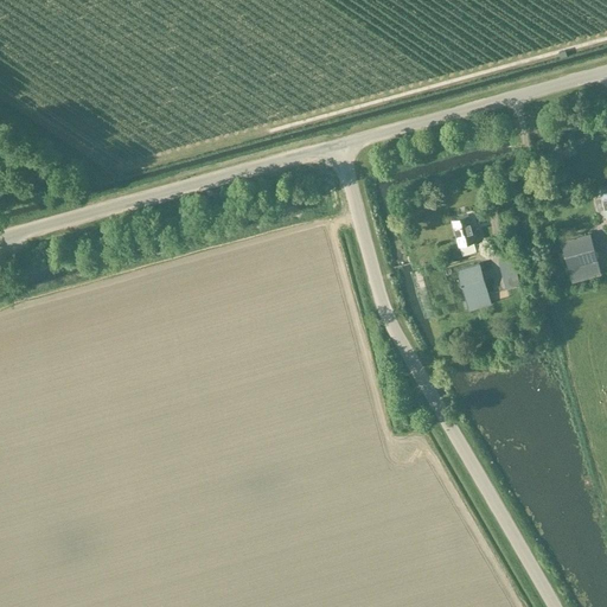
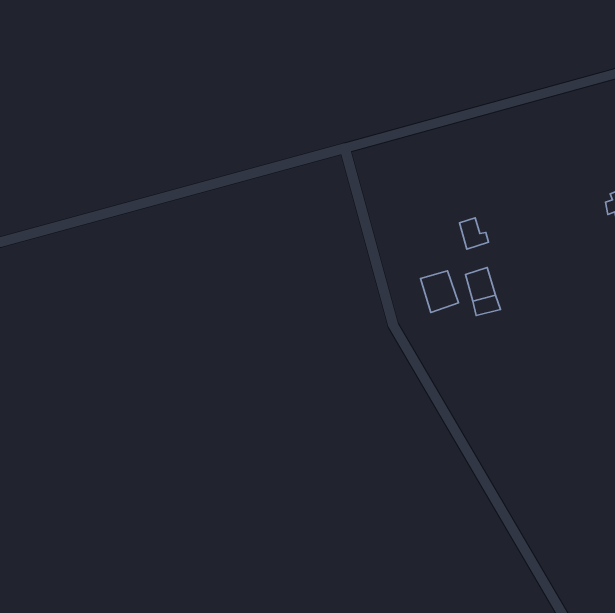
building: [562,236,599,270] -> none
building: none -> [421,271,458,312]

